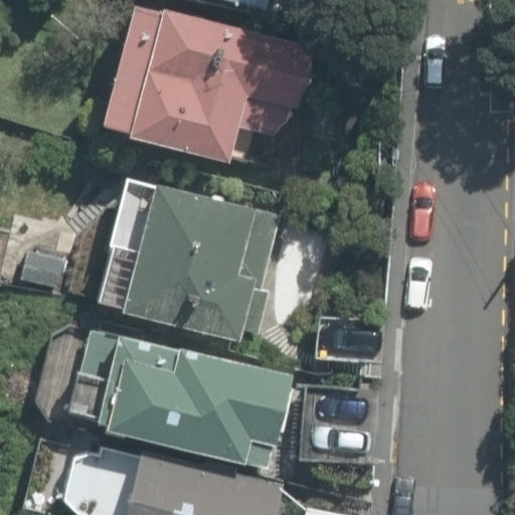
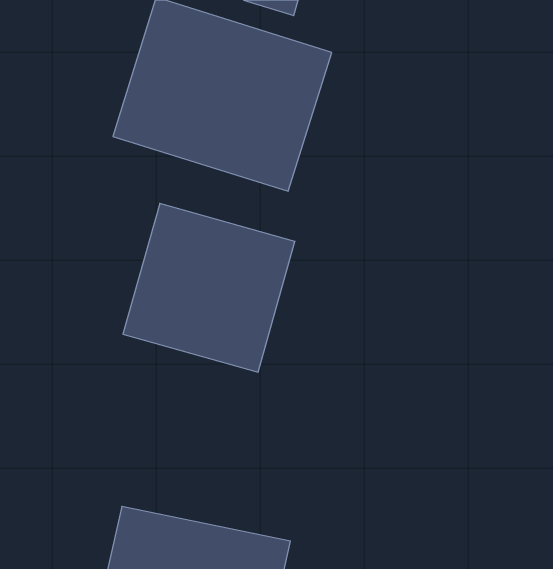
building: [76,326,283,466] -> none

